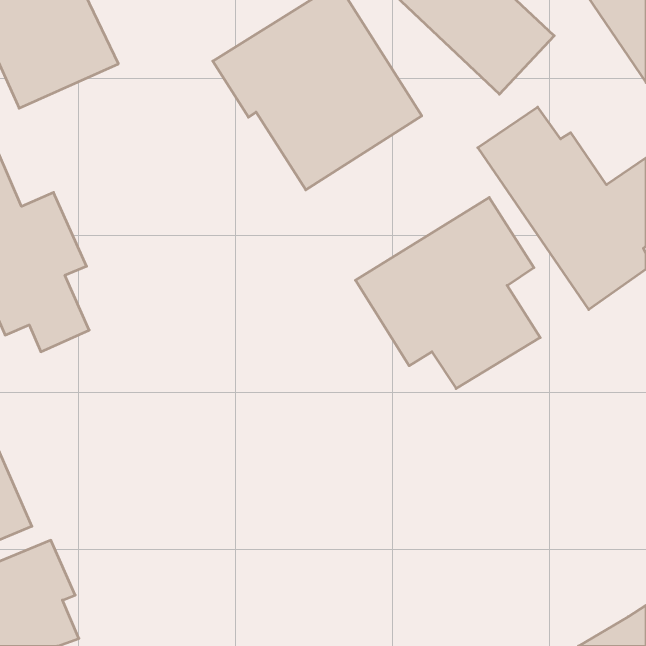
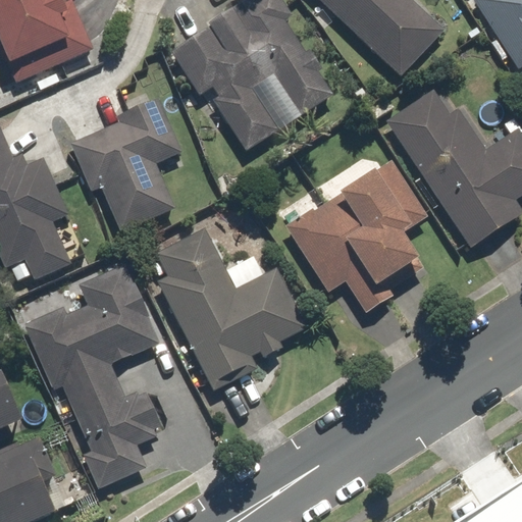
building: none -> [73,96,184,233]
building: none -> [147,227,308,390]
building: none -> [23,264,167,490]

